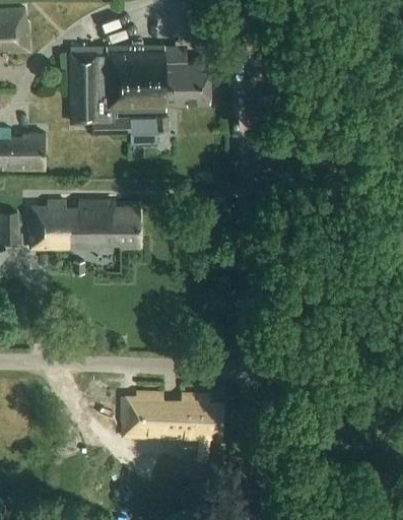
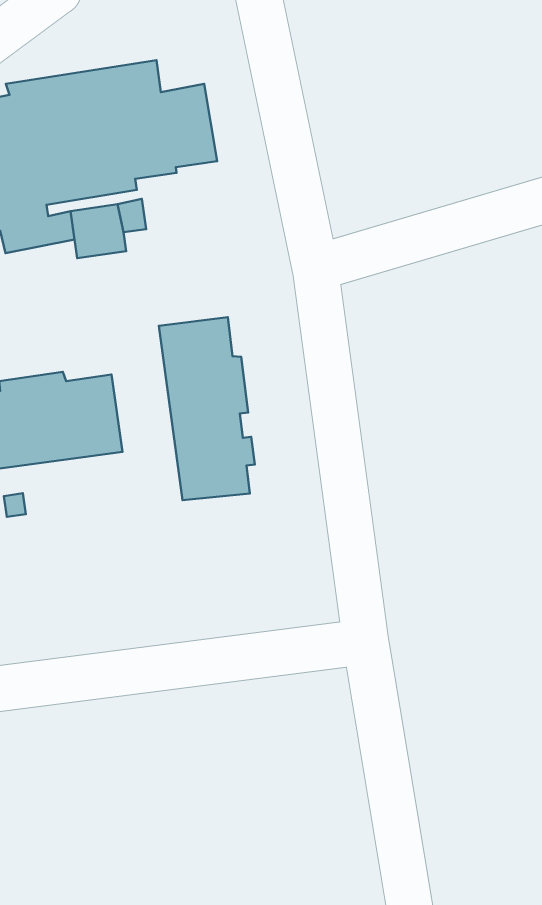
building: none -> [159,317,255,500]
building: [120,392,222,463] -> none

